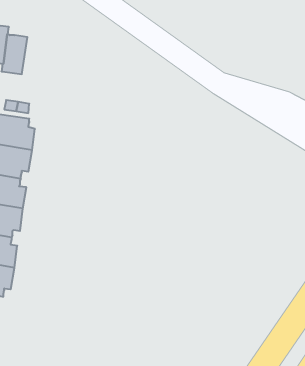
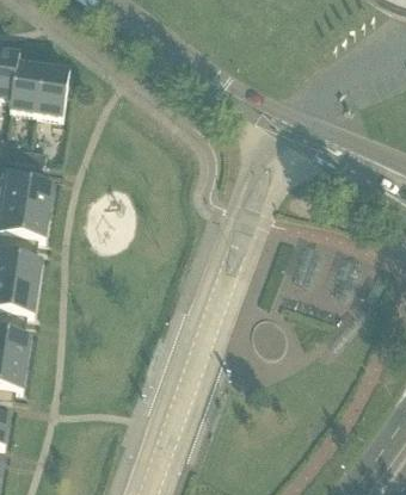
building: none -> [35,62,68,115]

